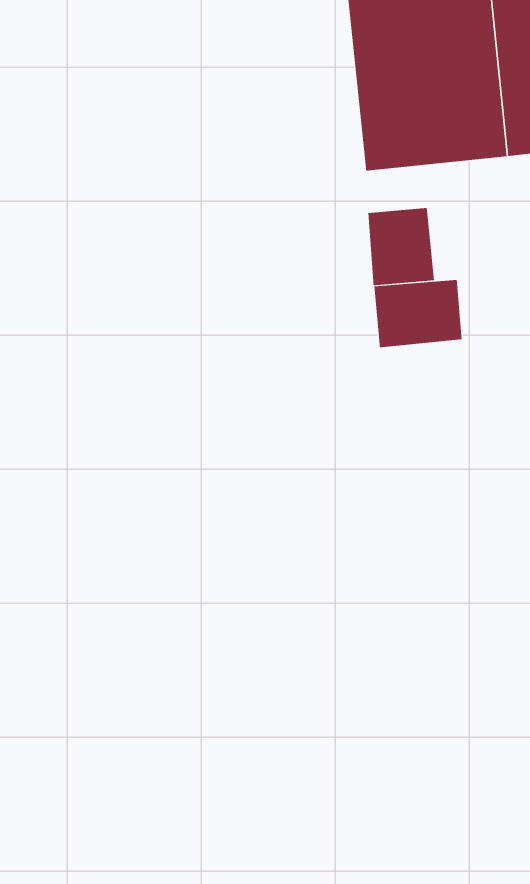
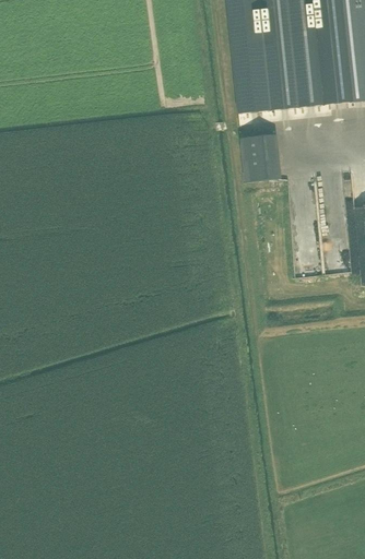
building: [374,279,462,348] -> none

